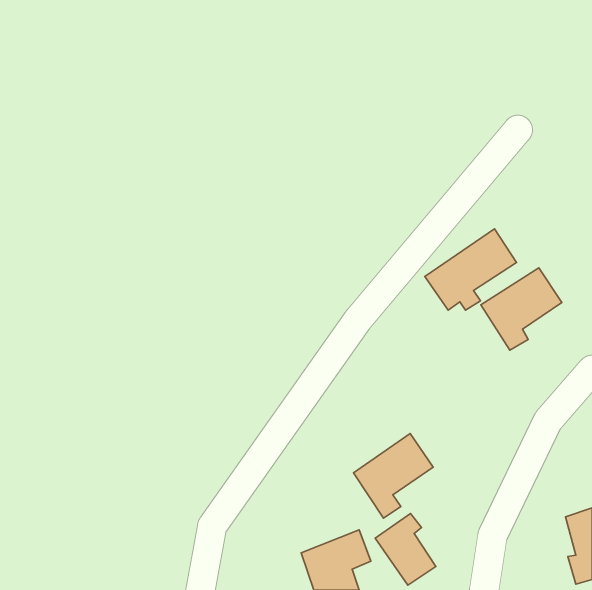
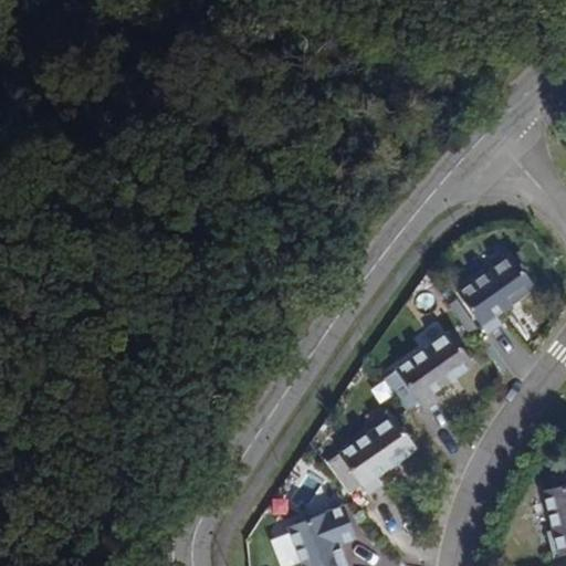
building: [425,229,516,310] -> [386,331,473,408]
building: [375,513,436,585] -> none

